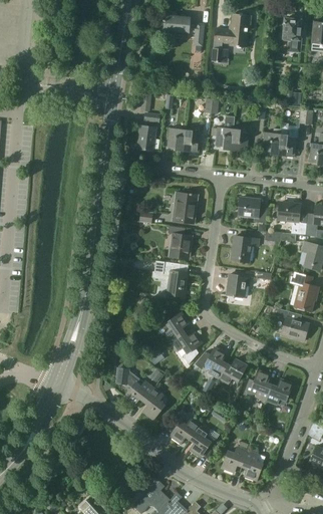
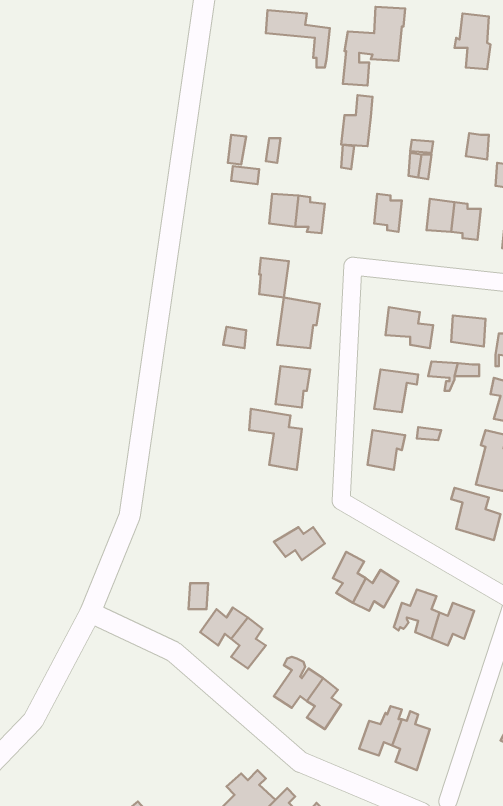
building: [215,115,234,147] -> [341,95,372,146]
building: [138,125,156,150] -> [259,258,289,297]
building: [164,313,188,341] -> none

